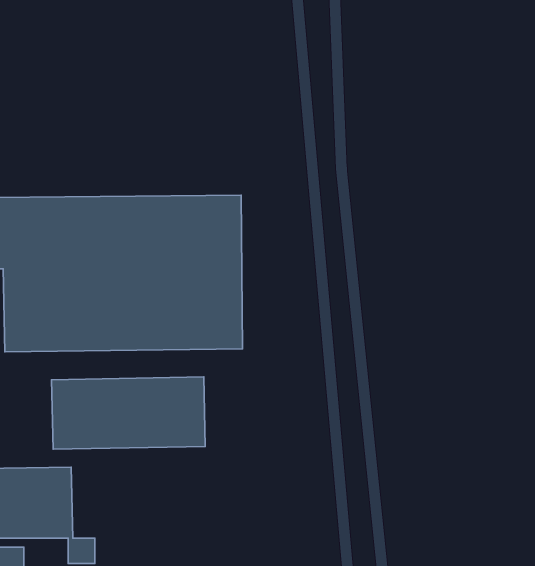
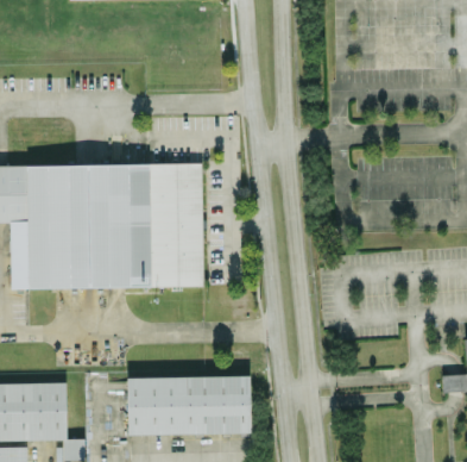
building: [52,377,205,449] -> [127,376,251,435]

